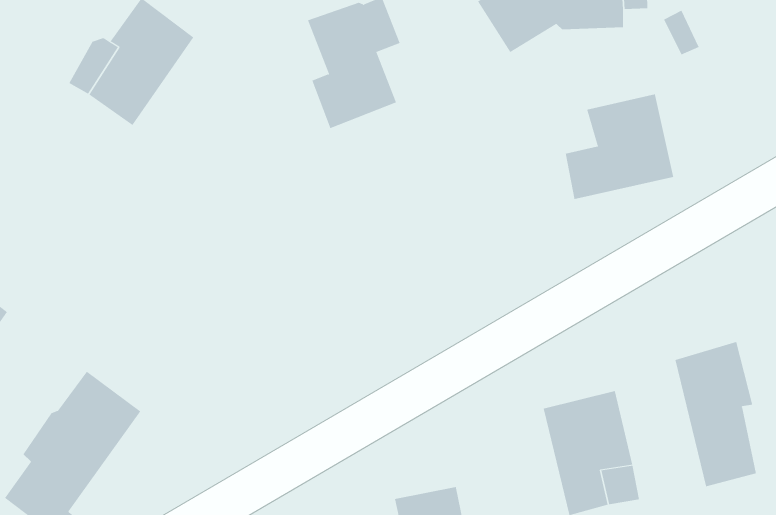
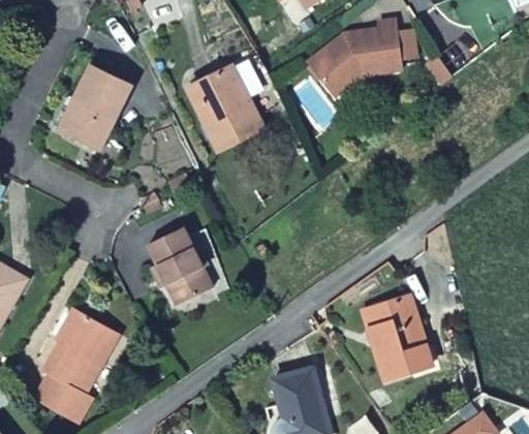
building: [565,94,674,200] -> none
building: none -> [146,227,211,308]
building: [675,341,756,487] -> none

